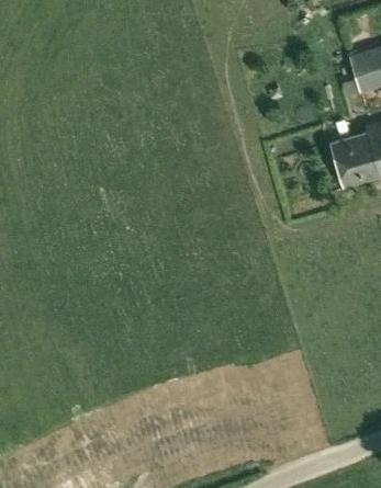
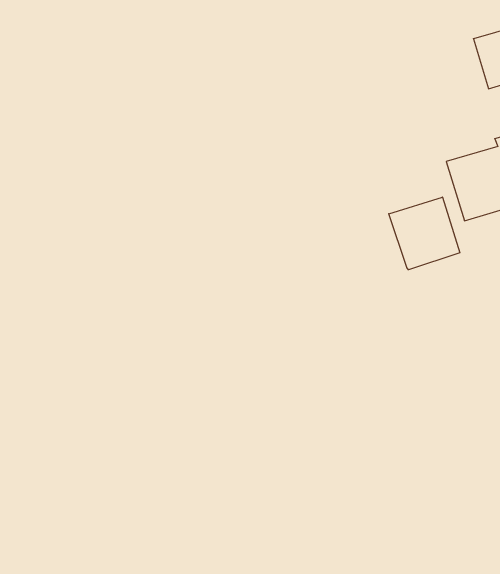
building: none -> [389,197,460,270]

